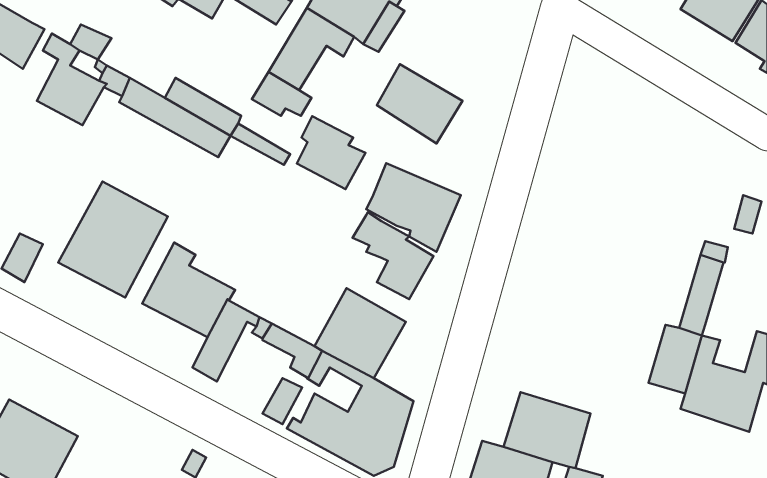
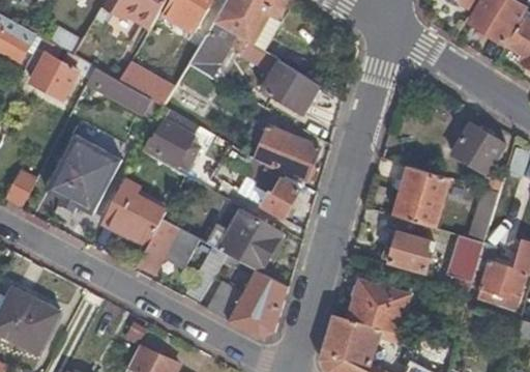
building: [297,116,365,189] -> [155,122,202,172]
building: none -> [451,124,503,175]
building: none -> [393,168,448,229]
building: none -> [389,230,431,273]

